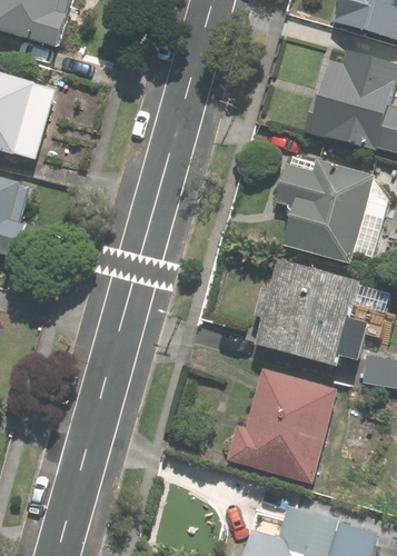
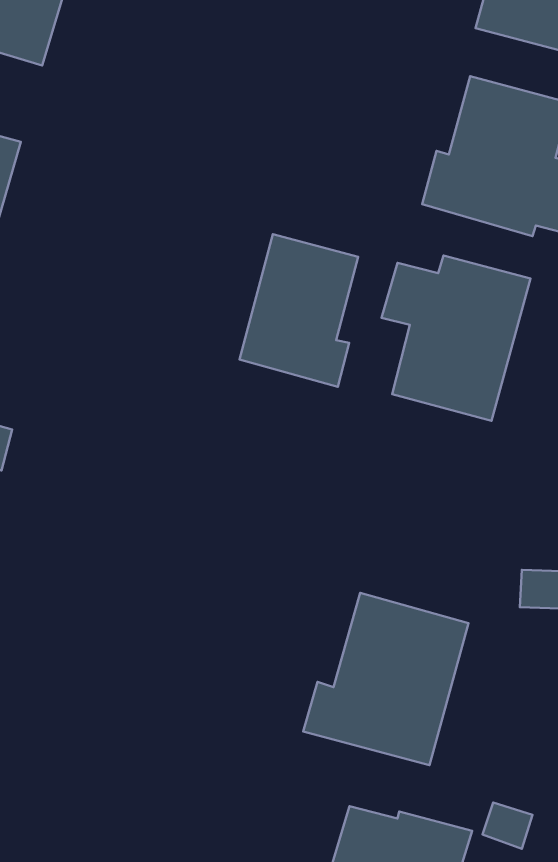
building: none -> [239,234,358,387]
building: [258,262,359,365] -> none

